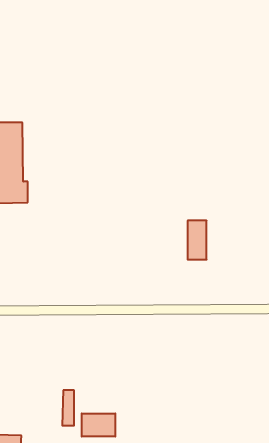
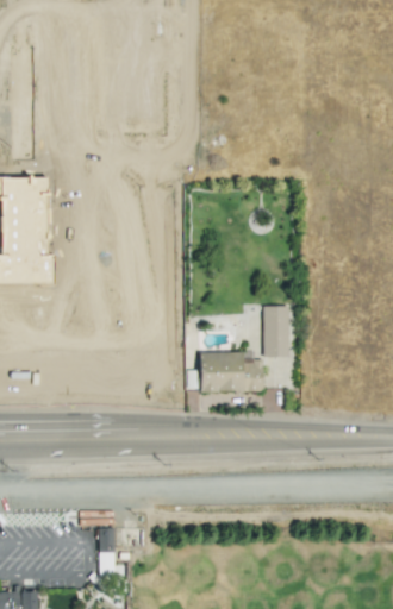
building: none -> [200,351,264,393]
building: [82,413,115,437] -> none

